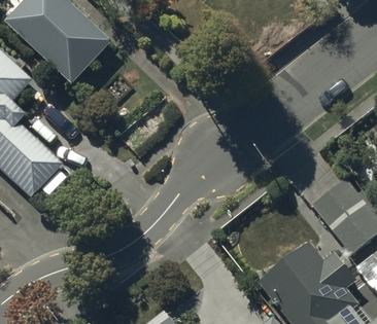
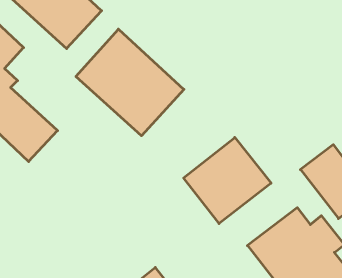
building: none -> [76,29,184,136]
building: none -> [184,137,271,224]

